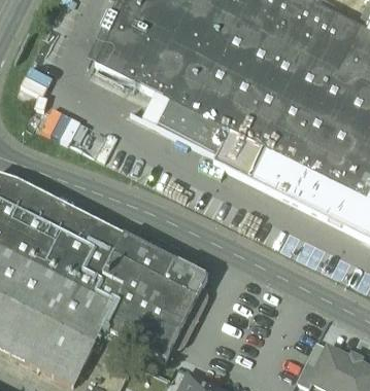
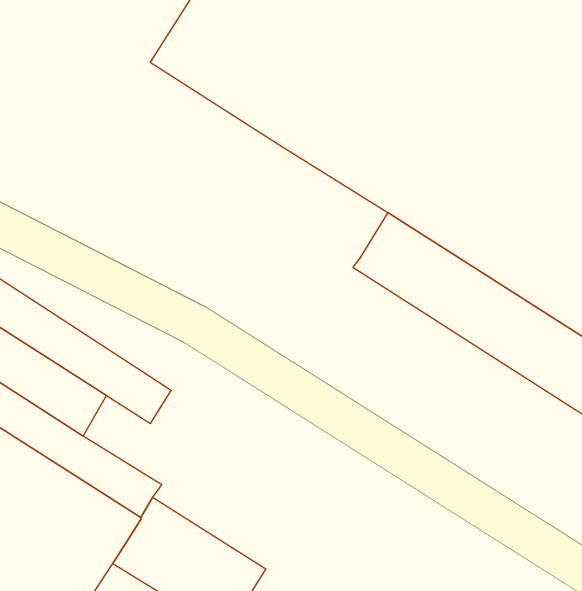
building: [156,99,229,154] -> none
building: [79,235,208,324] -> none

